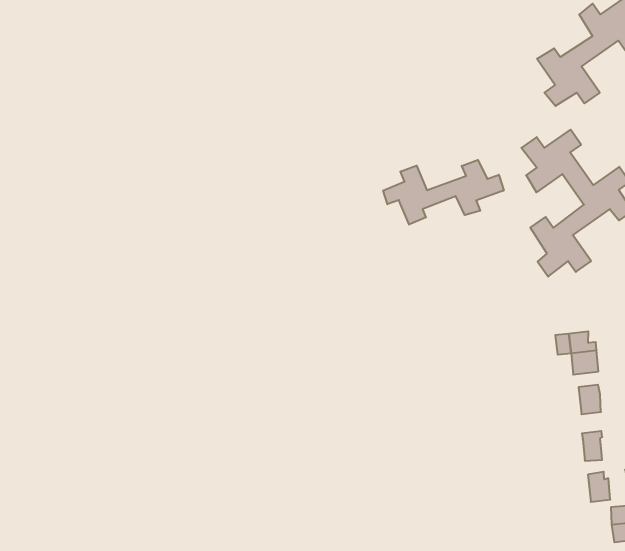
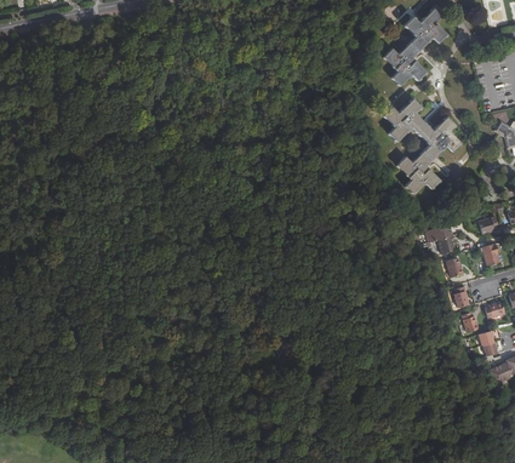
building: [383,160,504,225] -> none

